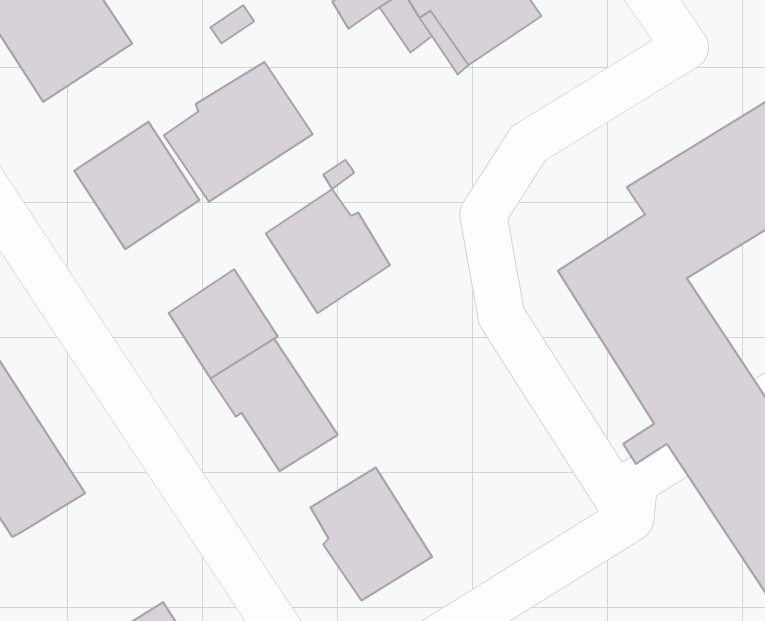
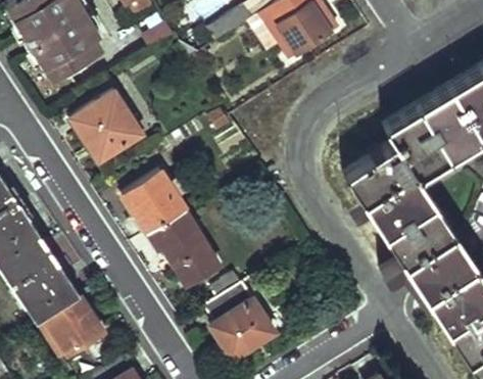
building: [164,62,313,202] -> none
building: [266,189,390,313] -> none
building: none -> [41,297,100,356]

